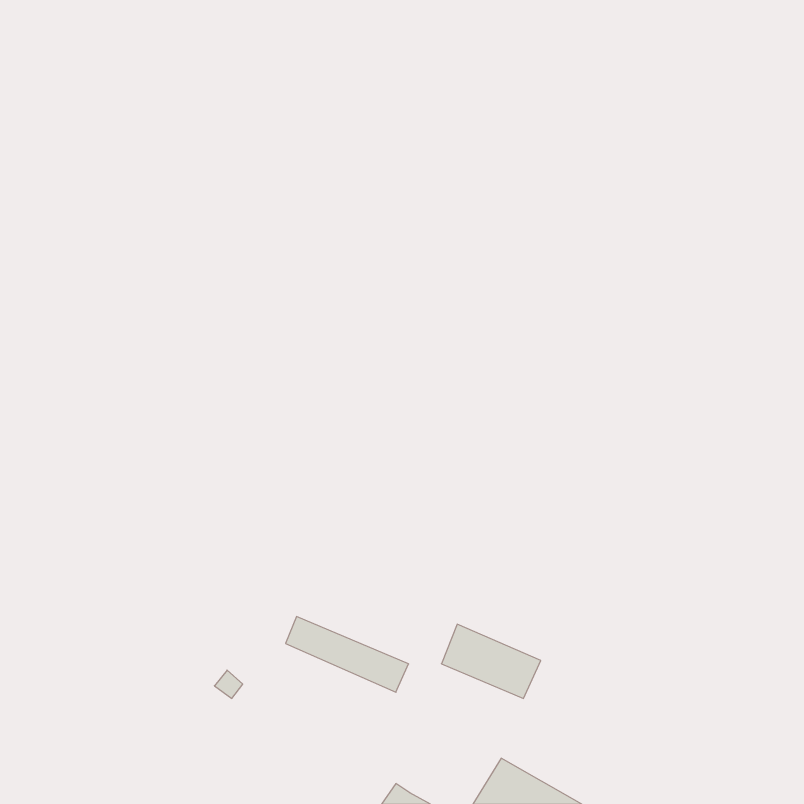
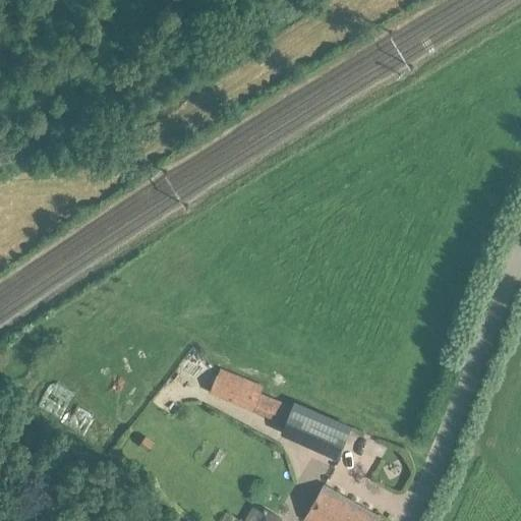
building: [286,617,409,692] -> [213,377,292,425]

